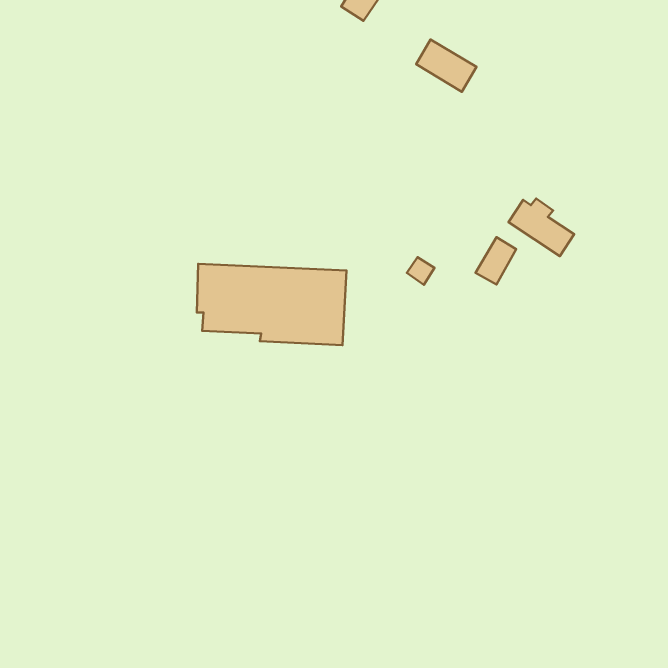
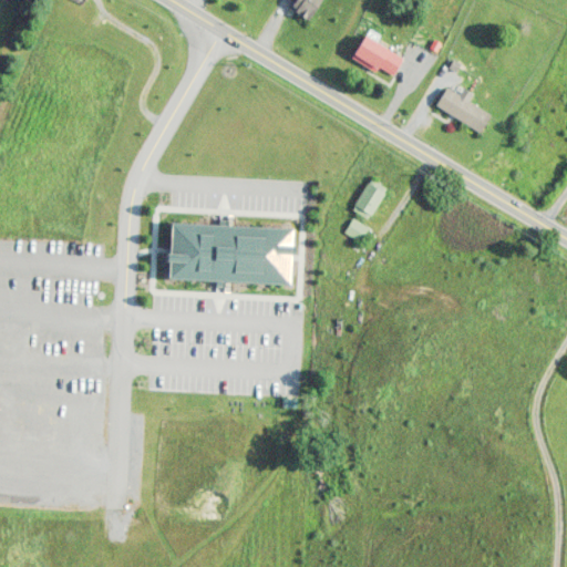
building: [509,199,574,256] -> [436,83,492,132]
building: [475,237,516,285] -> [352,178,386,218]

